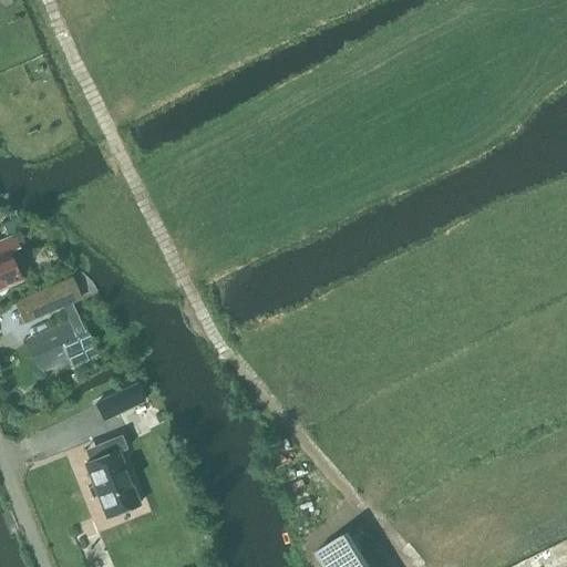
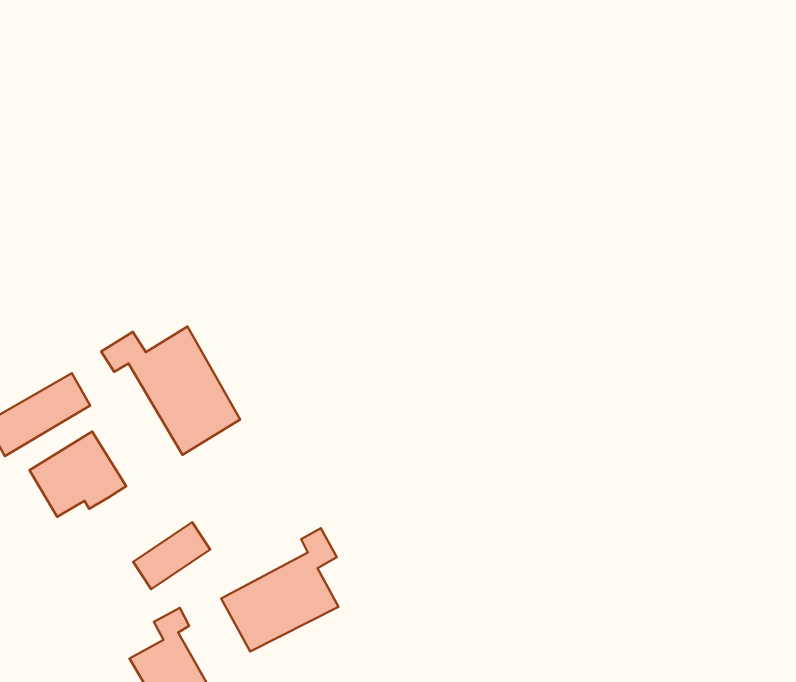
building: none -> [101,327,240,455]
building: none -> [221,528,339,652]

